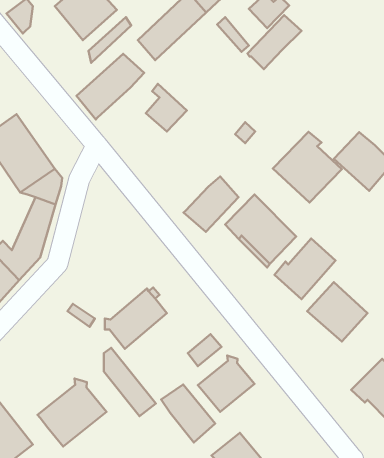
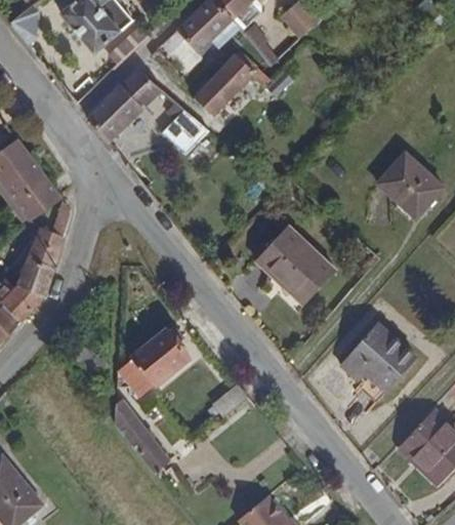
building: [248,15,301,69] -> [195,55,255,116]
building: [273,132,342,203] -> none
building: [184,177,239,232] -> none
building: [275,238,335,299] -> none
building: [198,355,255,412] -> none
building: [37,378,107,446] -> none
building: [161,384,215,443] -> none

